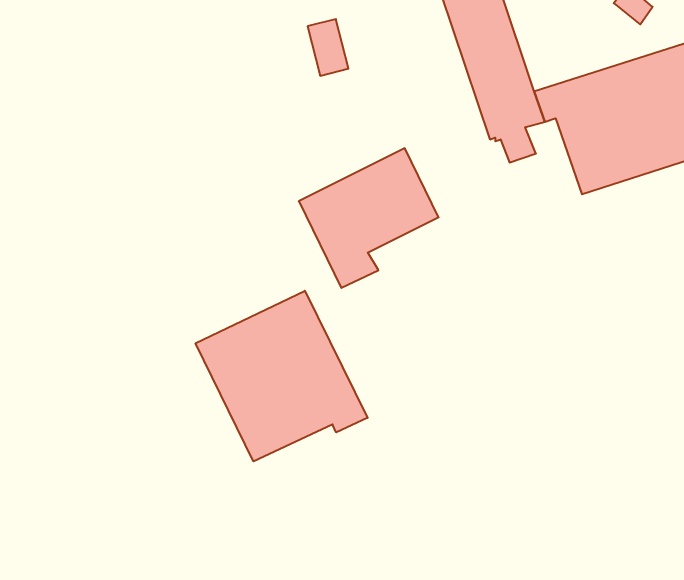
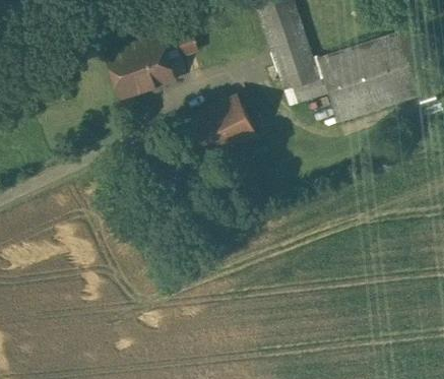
building: none -> [108,37,174,97]
building: [196,291,368,461] -> none

